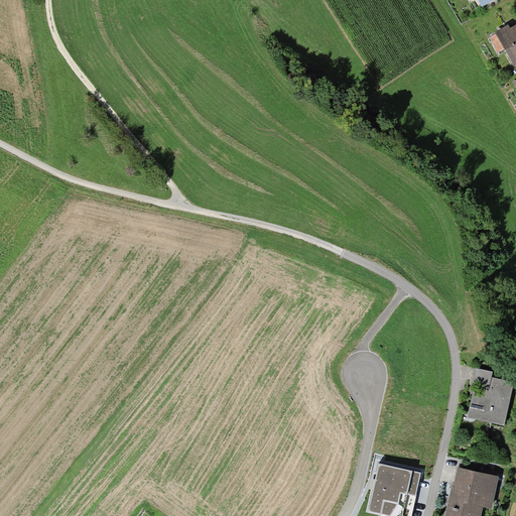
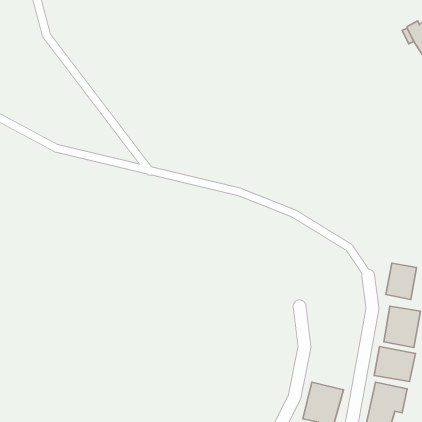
building: none -> [386,263,417,300]
building: none -> [374,346,415,381]

